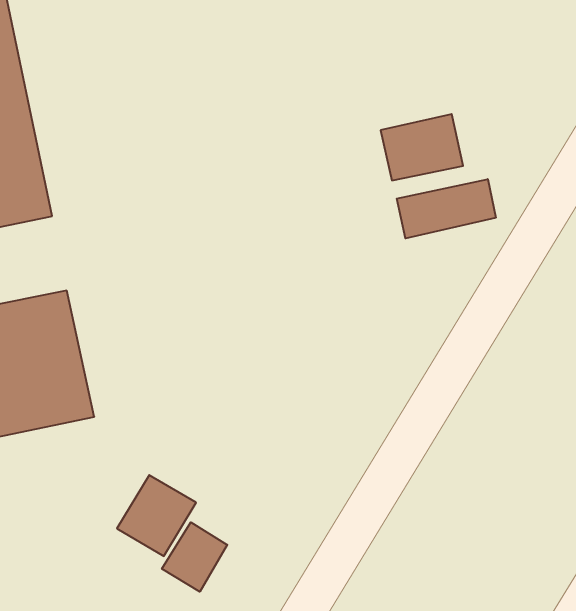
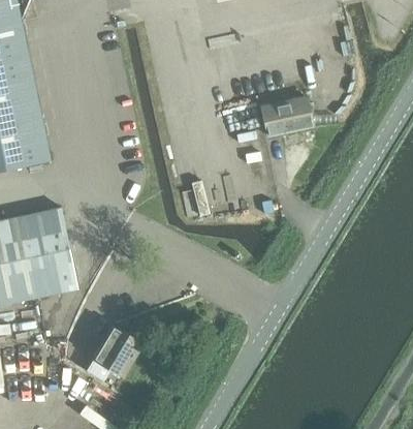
building: [397,179,496,238] -> none
building: [162,522,227,592] -> none

